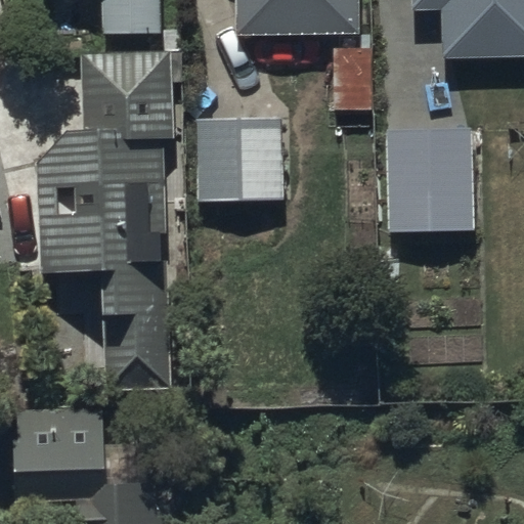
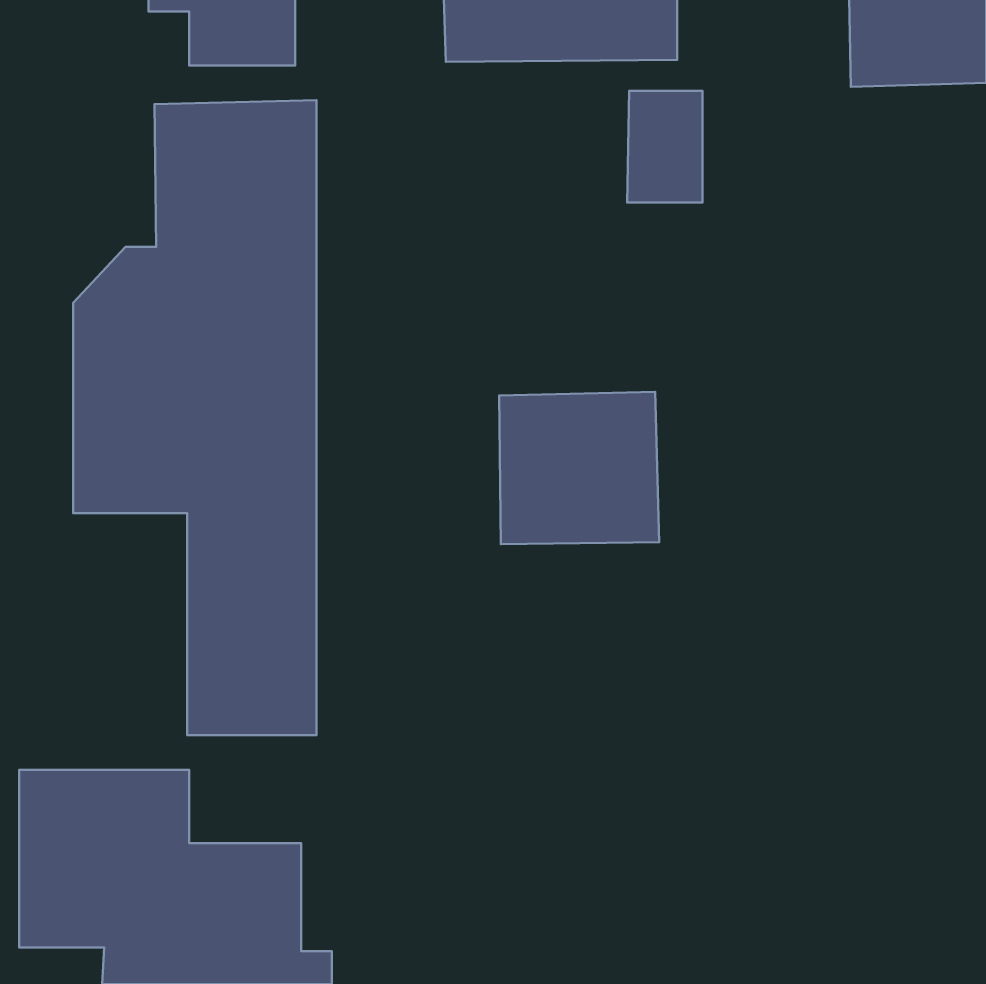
building: [195,119,280,200] -> [499,392,659,544]
building: [386,126,474,232] -> none

